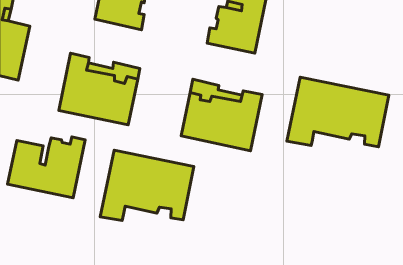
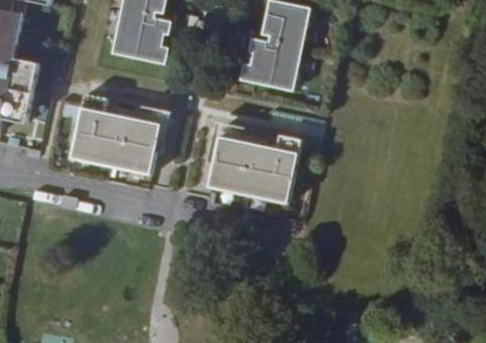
building: [287,77,389,147] -> none
building: [8,137,85,198] -> none
building: [100,150,194,221] -> none

